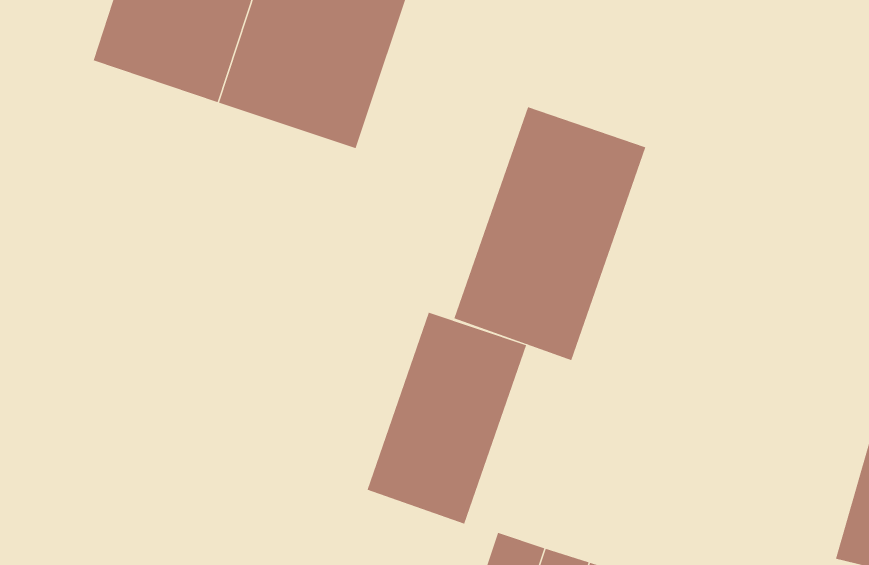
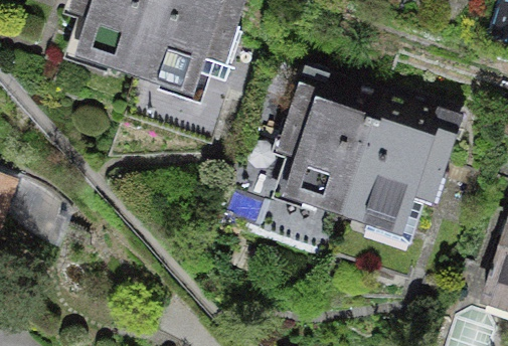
building: none -> [335,95,459,244]
building: [367,312,527,524] -> none

